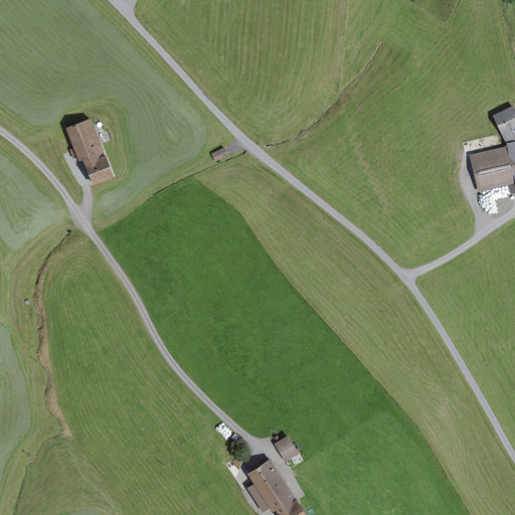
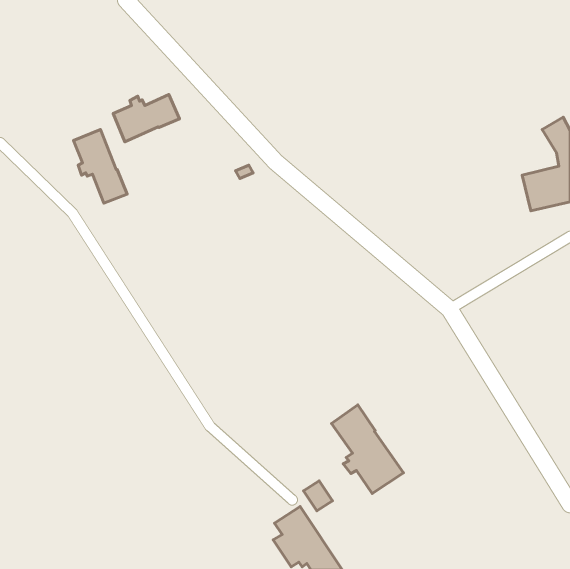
building: none -> [113,95,179,142]
building: none -> [331,405,404,494]

